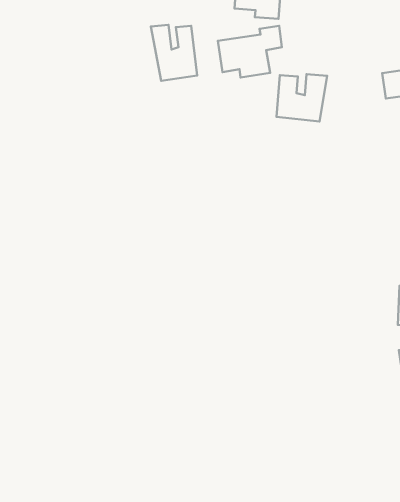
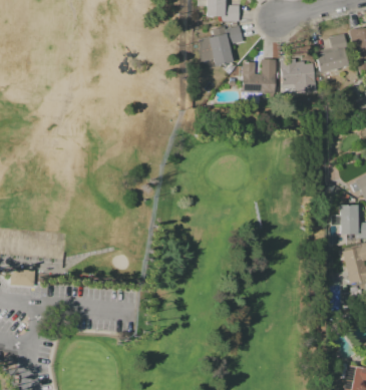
building: [151,25,197,81] -> none
building: none -> [281,59,316,93]

